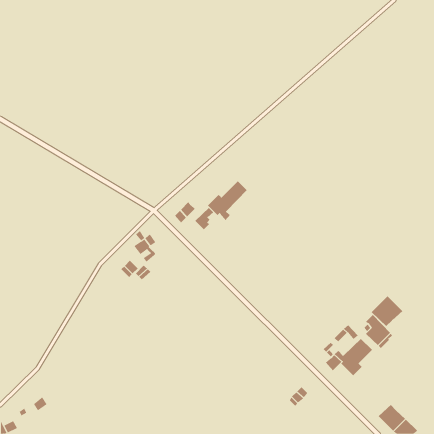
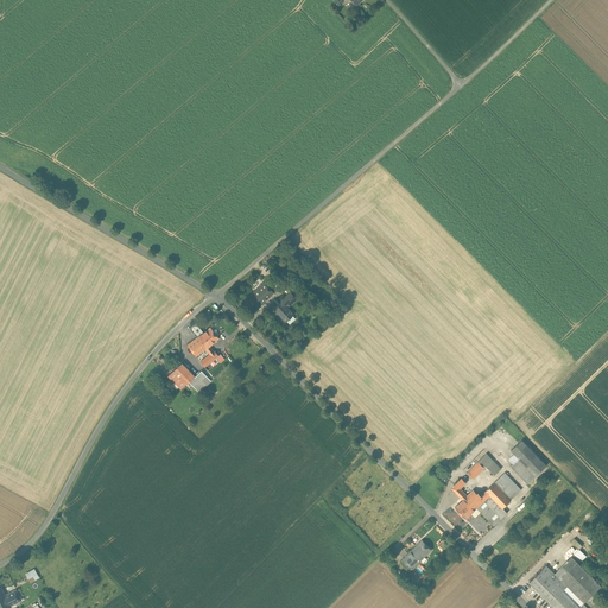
building: [207,180,248,221] -> none
building: [371,296,403,327] -> none
building: none -> [555,557,601,602]

